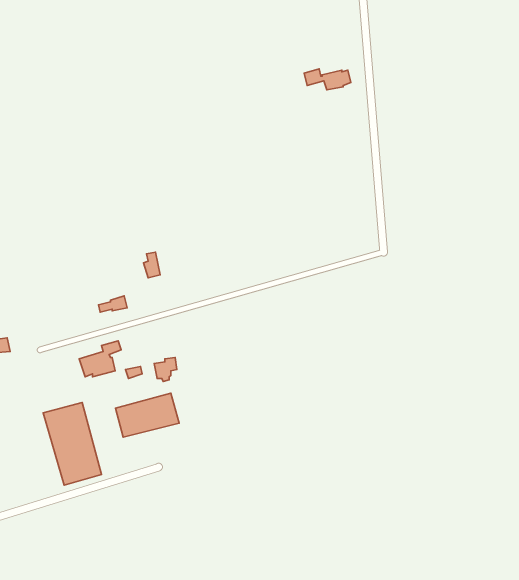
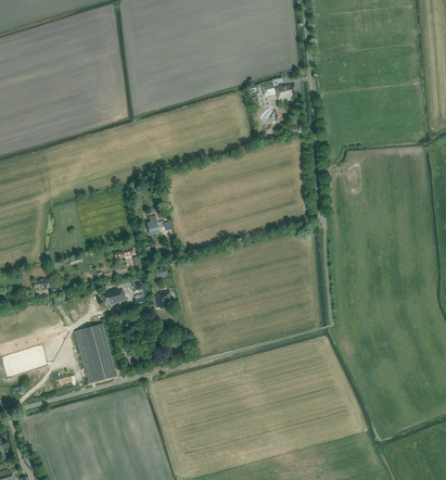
building: [116,393,179,437] -> none

